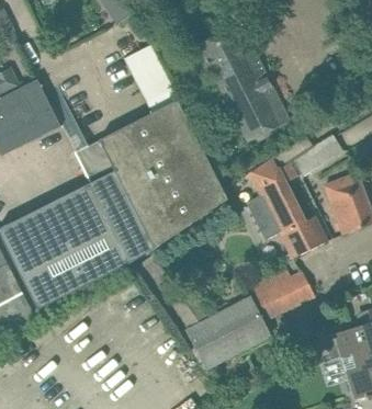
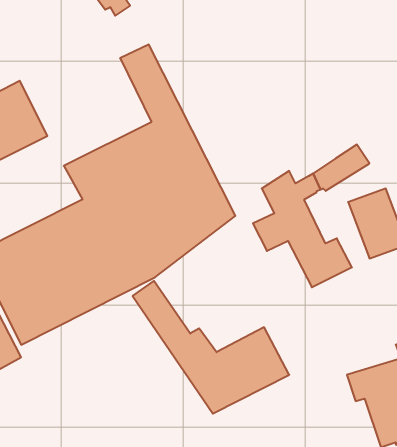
building: [198,26,289,140] -> none
building: [252,265,315,318] -> none

